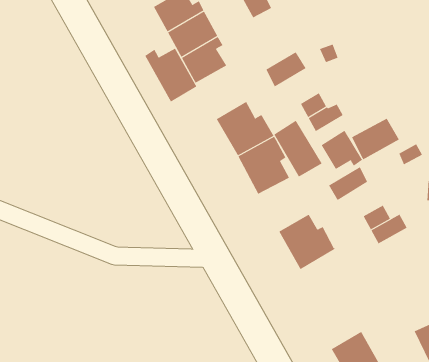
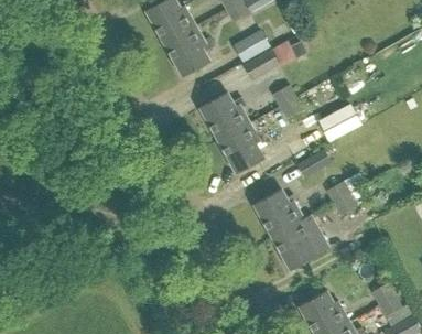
building: none -> [231,29,270,62]
building: [144,48,197,103] -> none
building: [274,120,322,178] -> none
building: [321,130,363,170] -> none
building: none -> [273,215,329,269]

